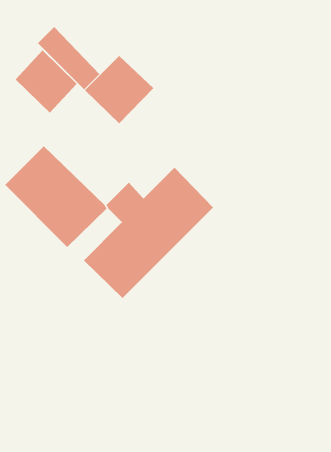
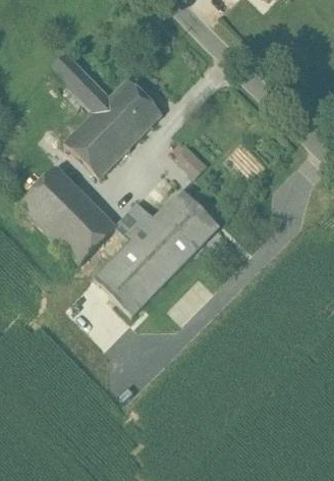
building: [15,50,78,114] -> [68,114,128,175]
building: none -> [174,146,208,178]

